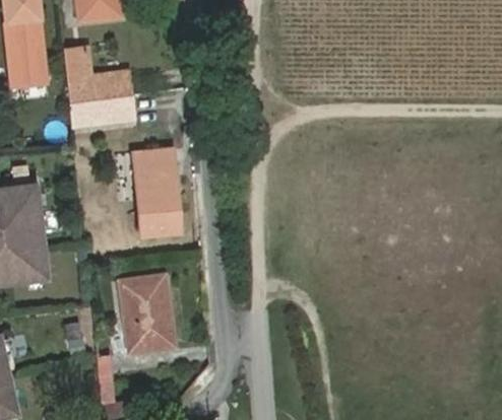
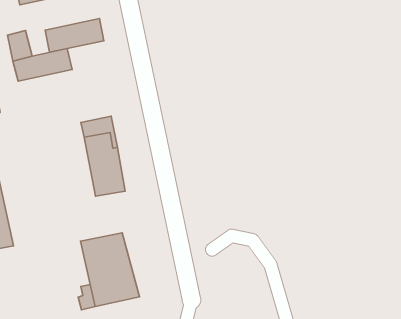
building: [71,95,133,126] -> [45,19,104,52]

